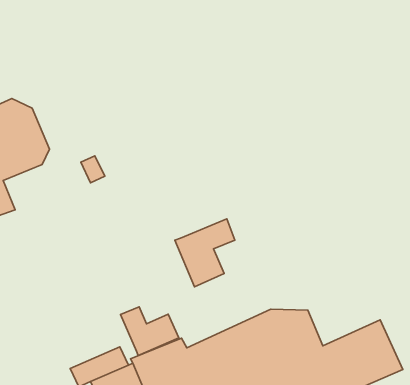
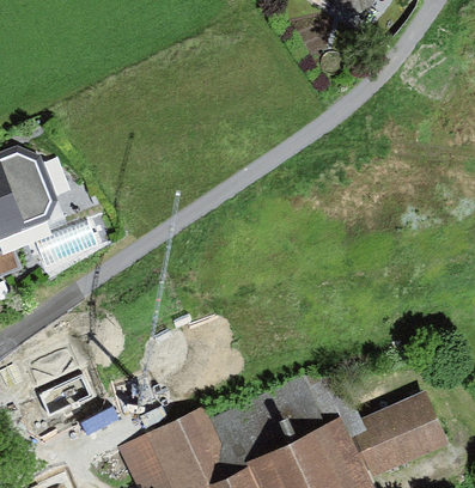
building: [175,219,235,287] -> none
building: [121,307,179,356] -> none

